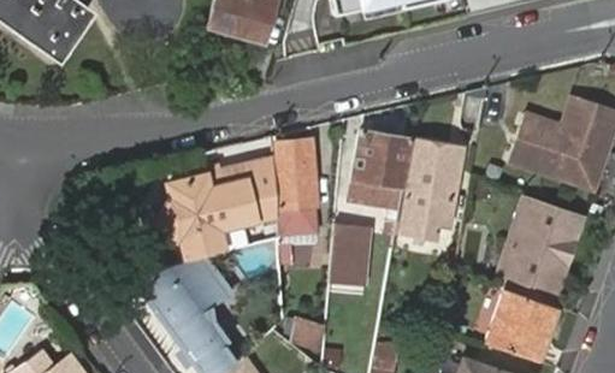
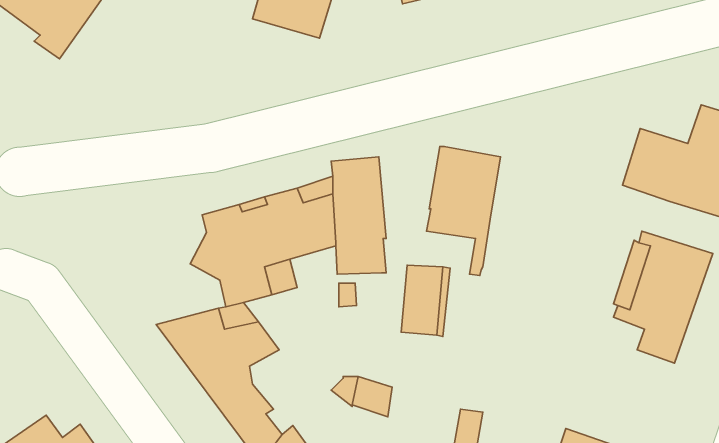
building: [396,140,463,238] -> none
building: [486,290,557,362] -> none

